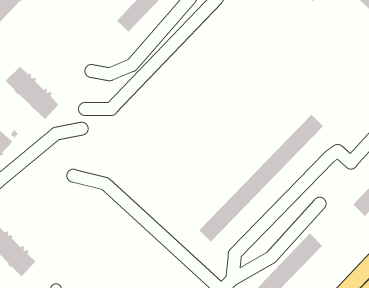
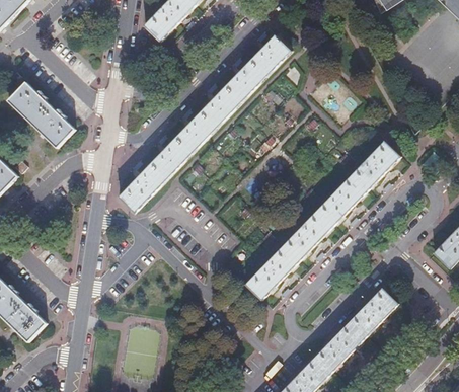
building: none -> [118,35,290,212]

